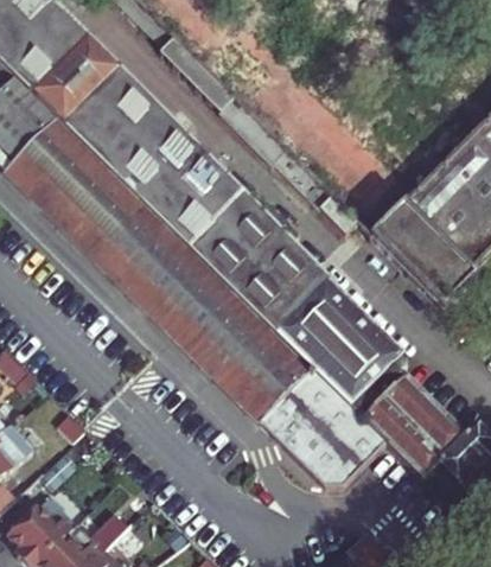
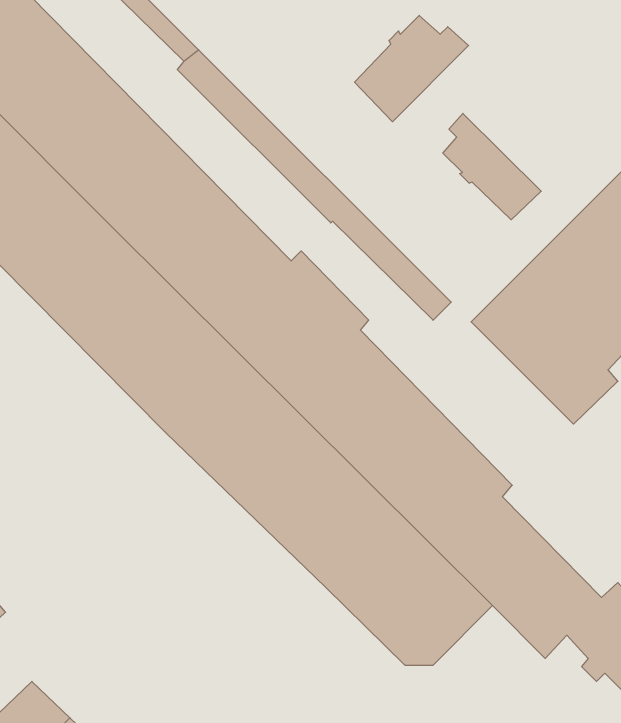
building: none -> [355,15,469,122]
building: none -> [443,113,541,220]

